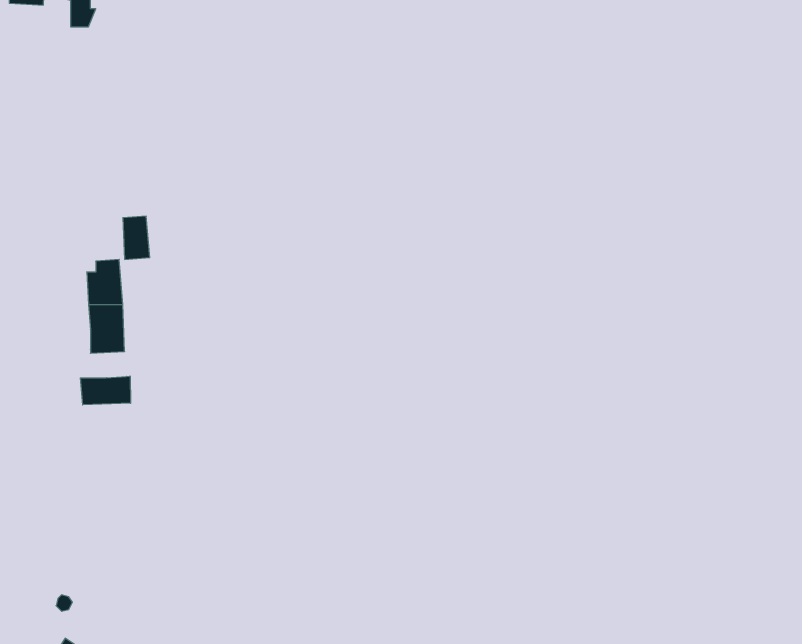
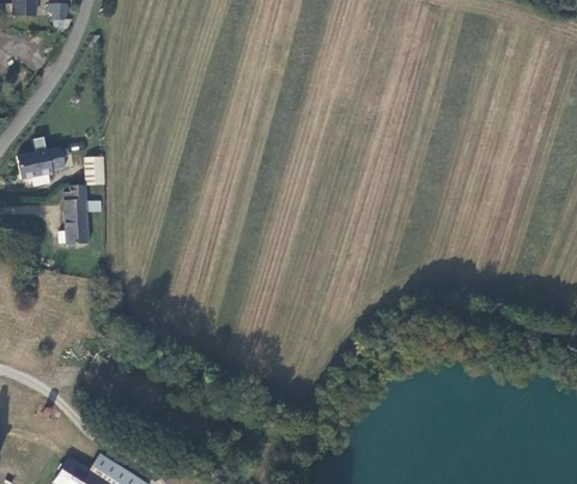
building: none -> [17,145,67,177]
building: [80,376,131,405] -> none

